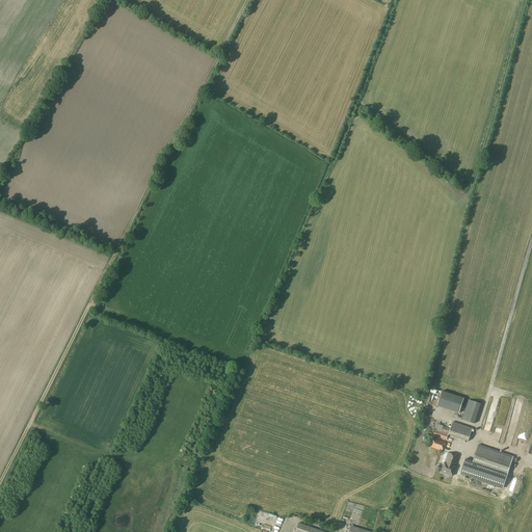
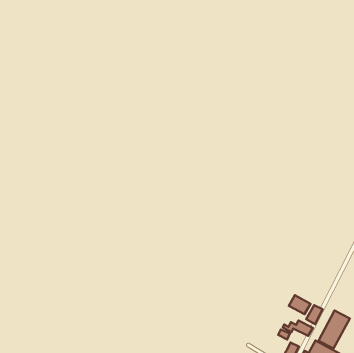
building: none -> [318,311,350,348]

